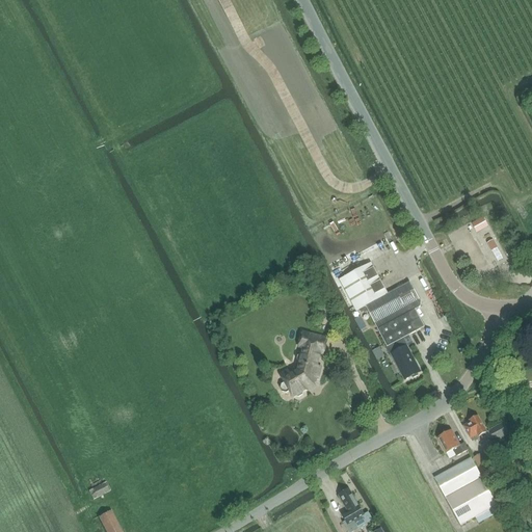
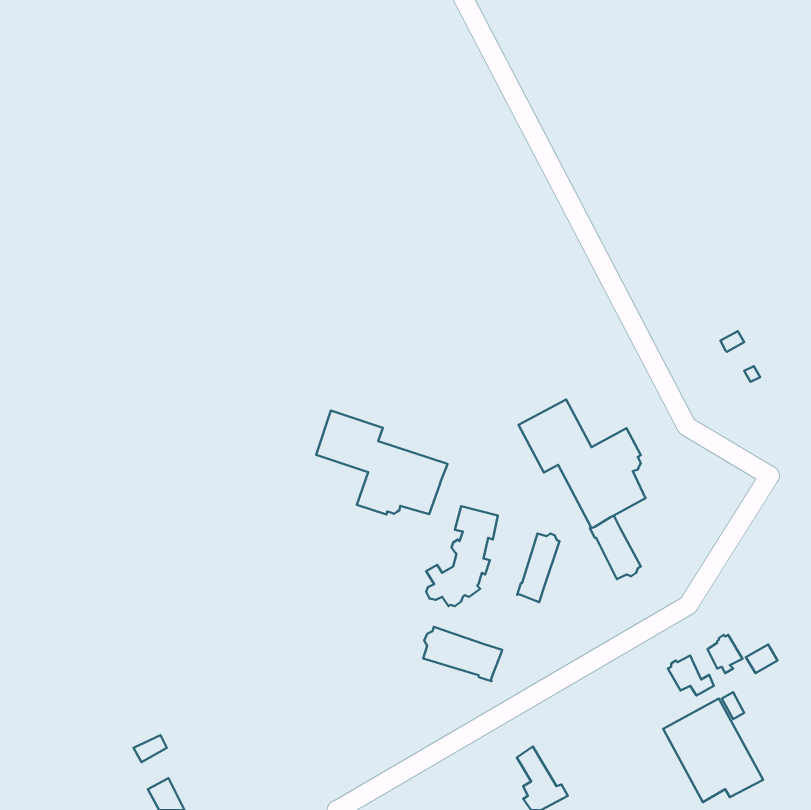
building: none -> [316,410,447,515]
building: none -> [517,533,560,602]
building: none -> [423,627,502,681]

